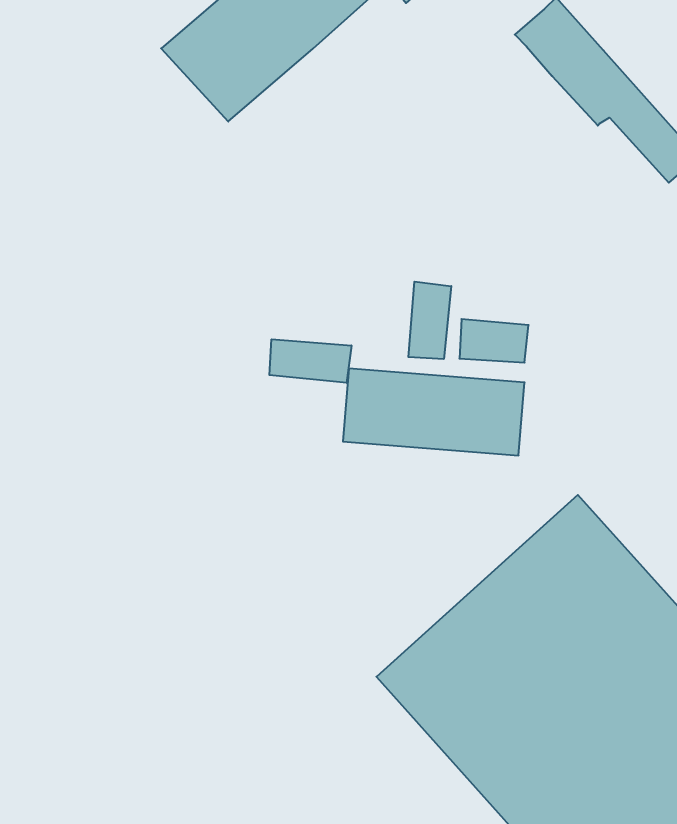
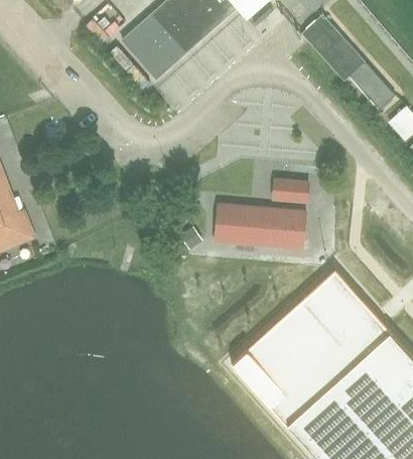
building: [408,282,451,359] -> none
building: [269,339,351,383] -> none

